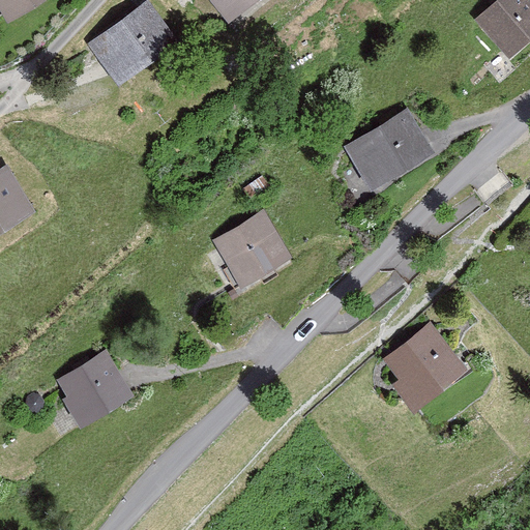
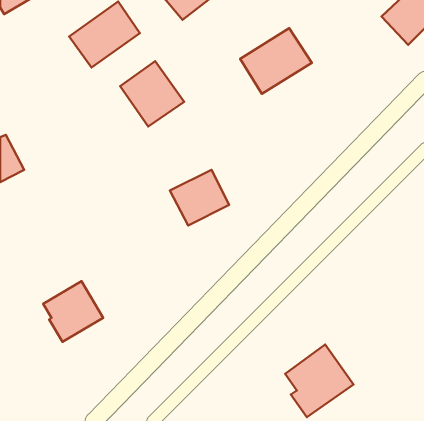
building: none -> [120,61,184,126]
building: [344,109,433,190] -> [240,28,312,94]
building: [383,321,468,411] -> [285,345,353,417]

